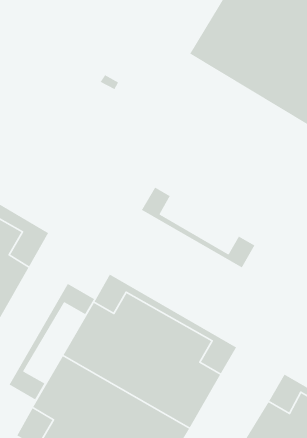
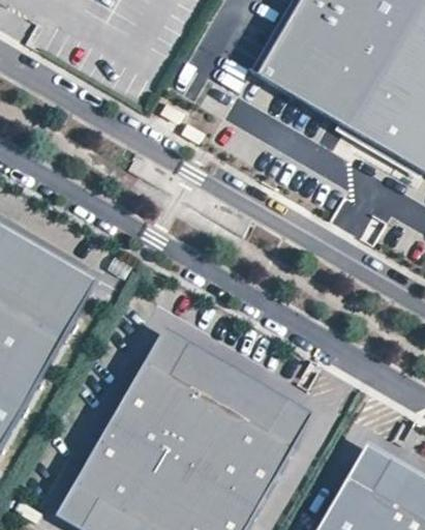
building: [141,187,255,269] -> none
building: [8,283,95,400] -> none

